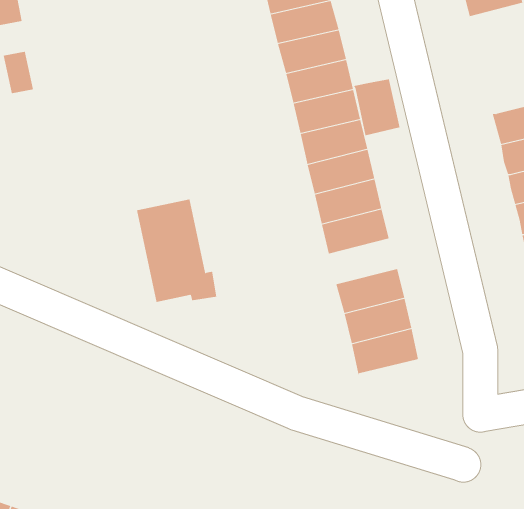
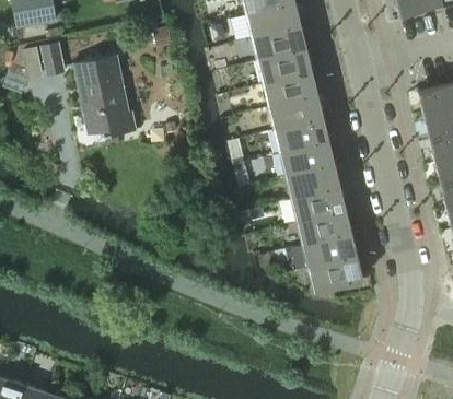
building: [353,78,400,136] -> none
building: [136,199,217,302] -> [74,54,137,133]
building: none -> [292,186,346,221]

